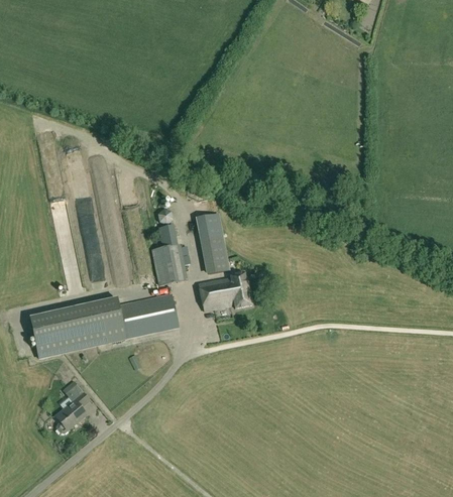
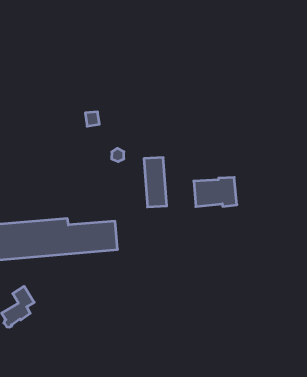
building: [151,225,187,285] -> none
building: [198,272,251,312] -> [194,177,237,207]

